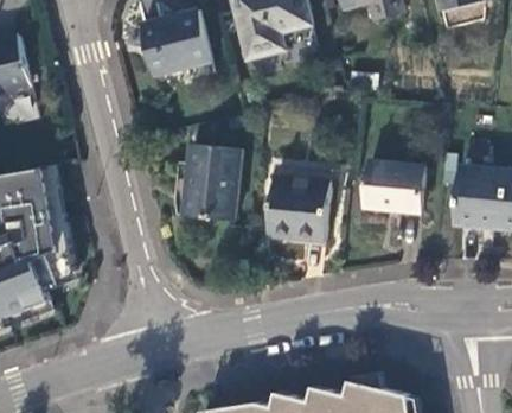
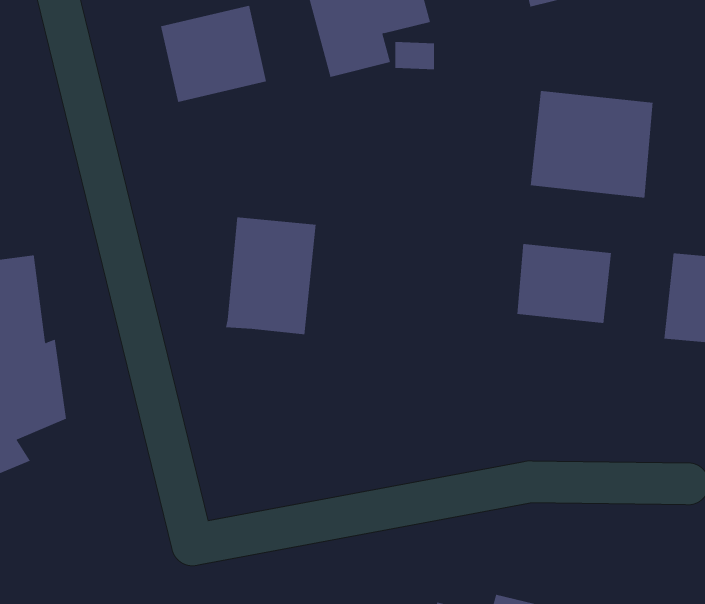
building: none -> [530,90,653,199]
building: [267,178,326,240] -> none

